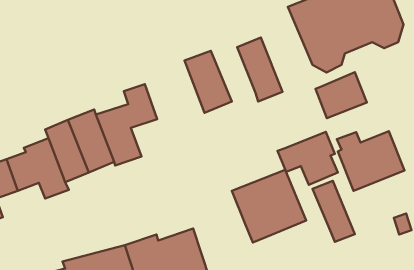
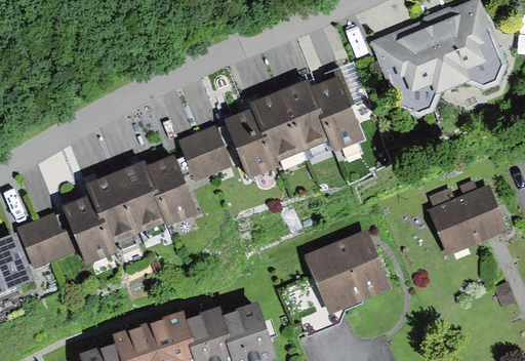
building: none -> [280,79,332,150]
building: none -> [203,107,274,178]
building: [316,72,367,118] -> none
building: [277,132,338,185] -> none
building: [312,181,355,242] -> none

